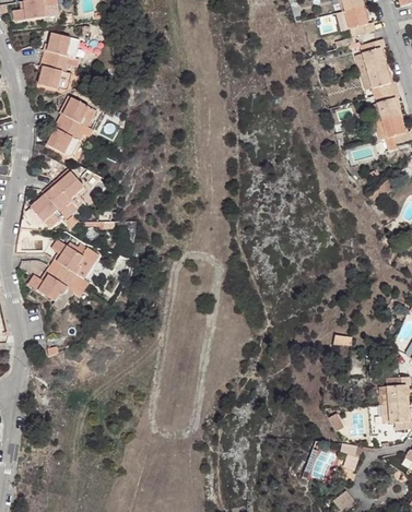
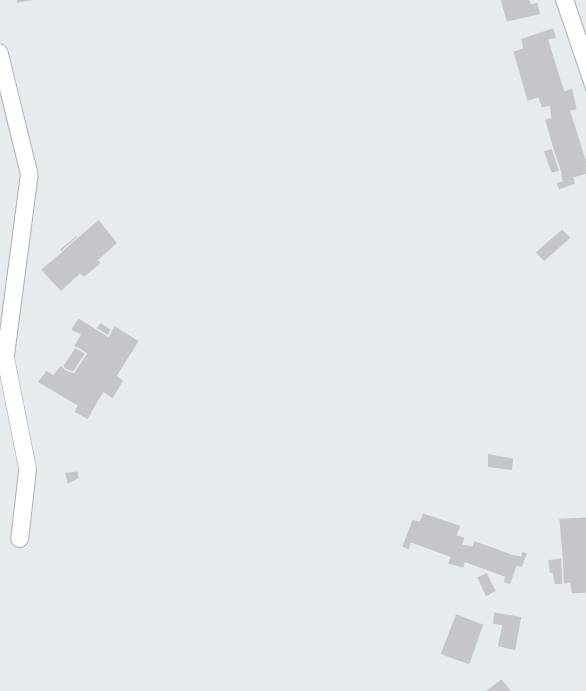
building: [36,34,69,90] -> none
building: [45,98,87,154] -> none
building: none -> [401,513,528,585]

